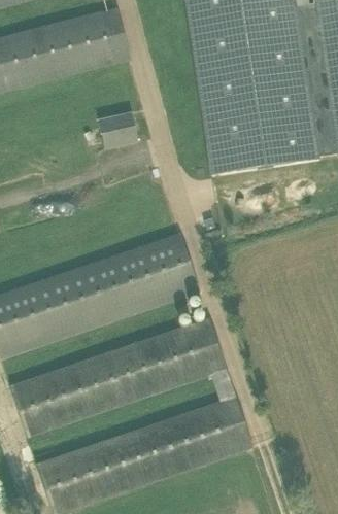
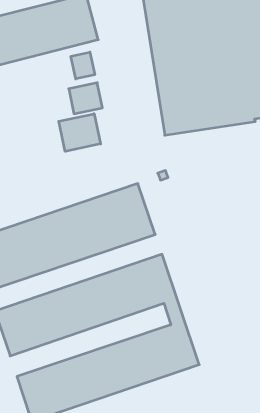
building: none -> [71,52,95,79]
building: none -> [59,114,101,151]

